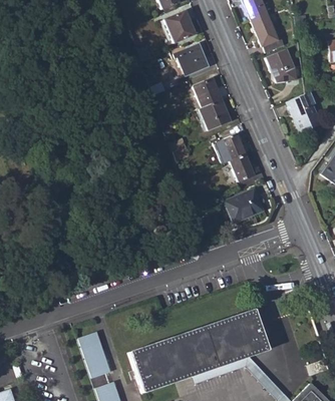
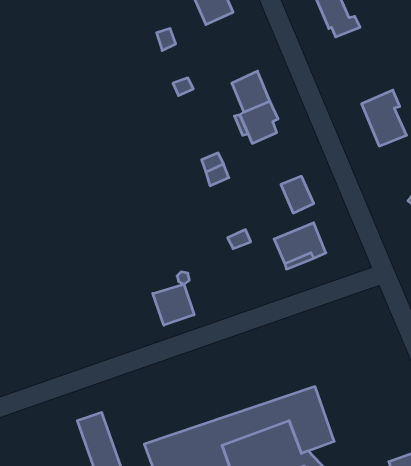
building: [173,43,208,77] -> none
building: [269,49,298,82] -> none
building: [215,133,245,163] -> none
building: none -> [153,284,194,325]

